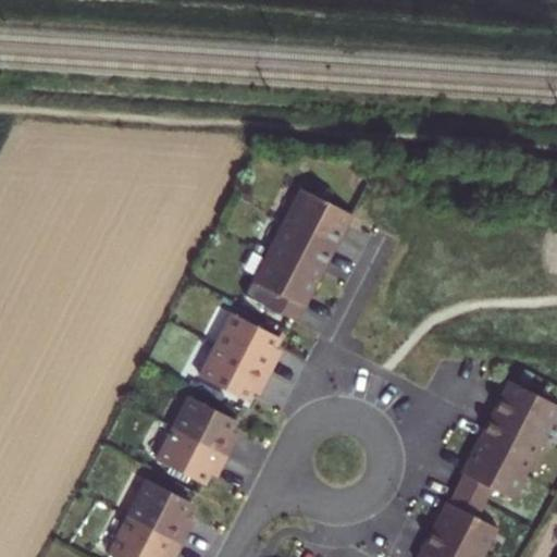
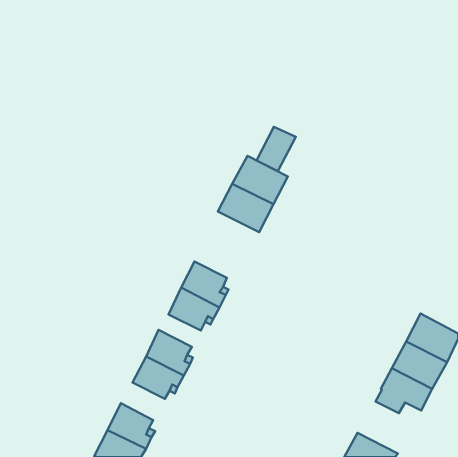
building: none -> [257,127,296,171]
building: [251,257,314,321] -> none
building: [434,487,496,550] -> none

